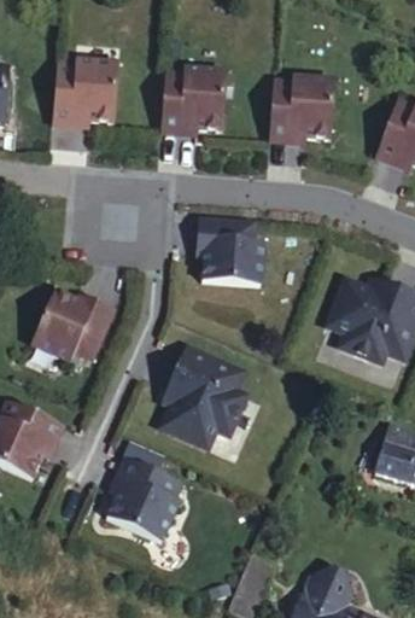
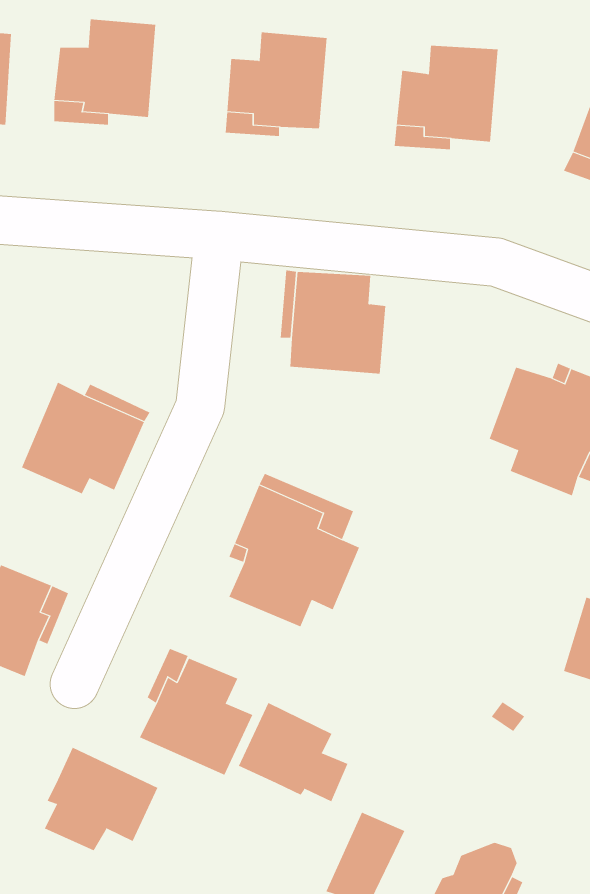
building: none -> [238,702,348,802]
building: none -> [44,747,158,851]

